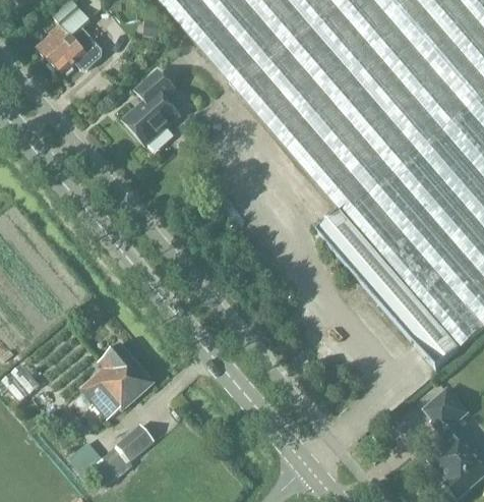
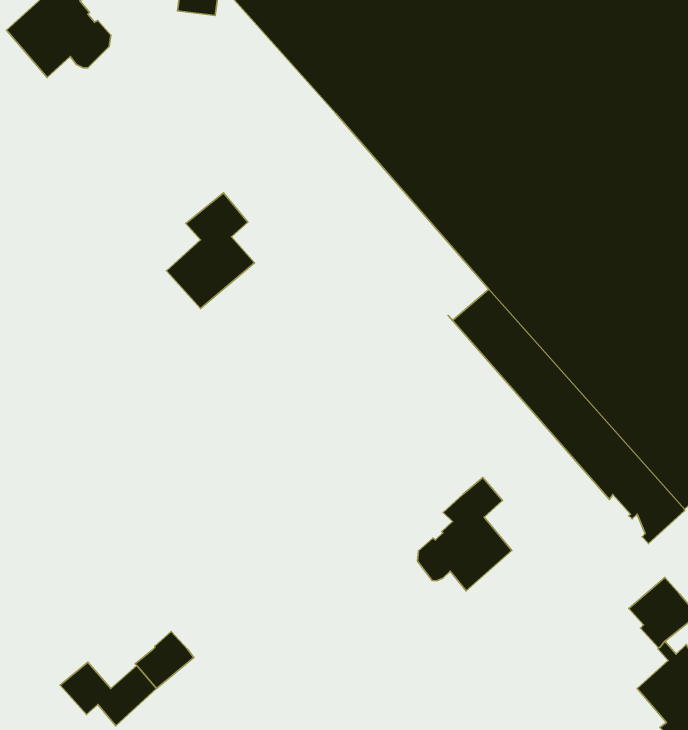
building: [124,70,179,143] -> [166,193,254,308]
building: none -> [418,478,512,591]
building: [83,344,155,417] -> none

